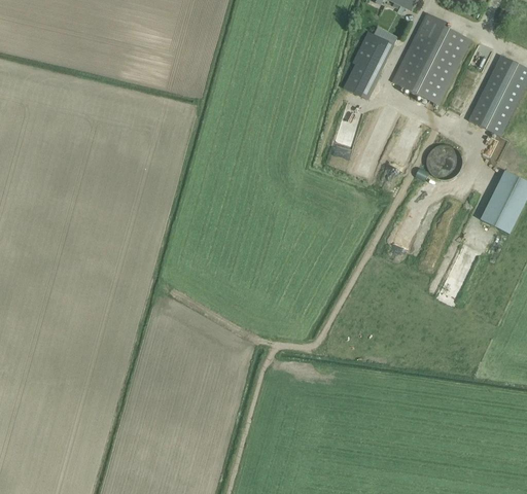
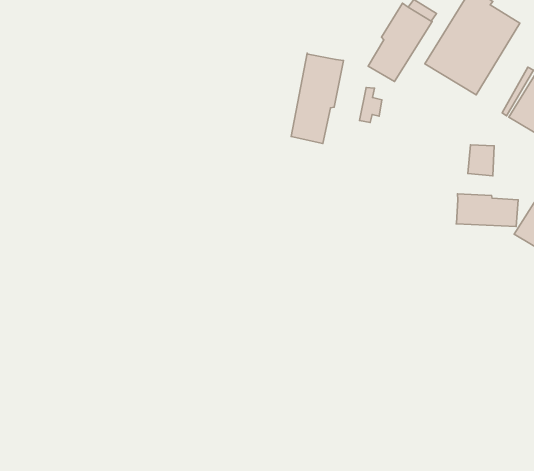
building: none -> [291,53,343,143]
building: none -> [456,194,518,227]

